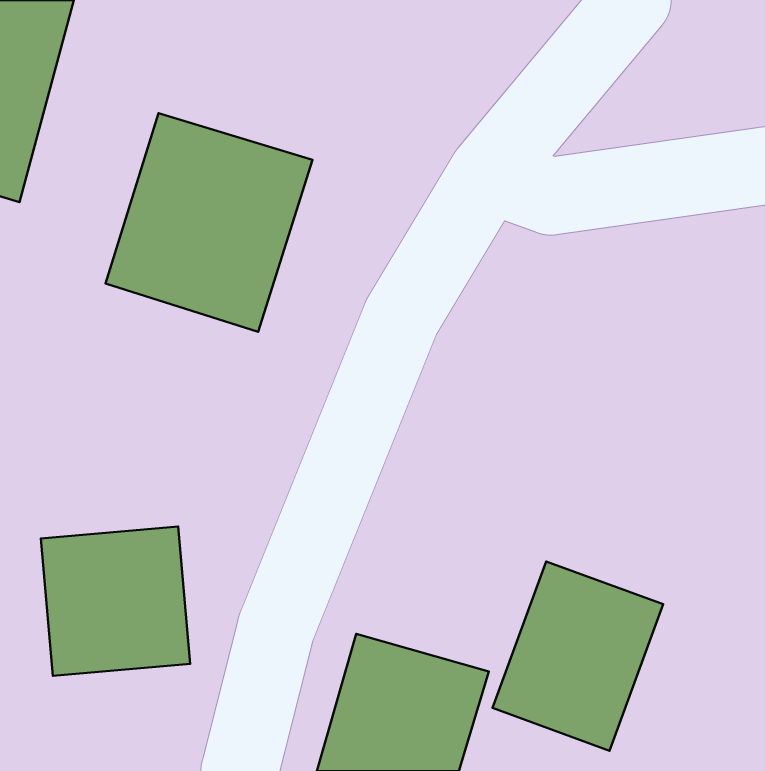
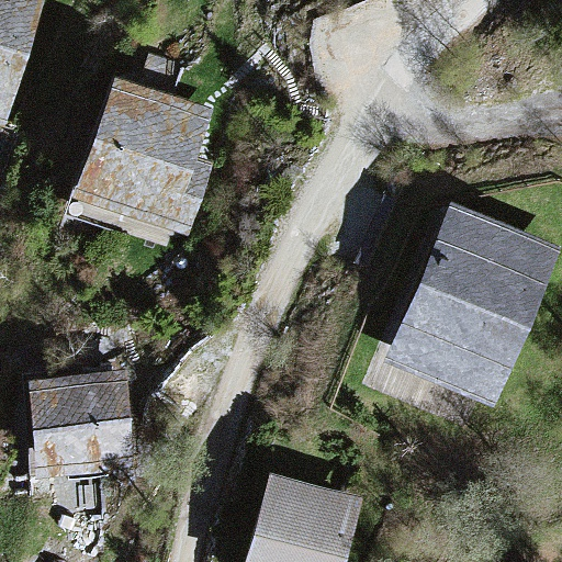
building: none -> [378,205,548,402]
building: [492,561,663,751] -> none

